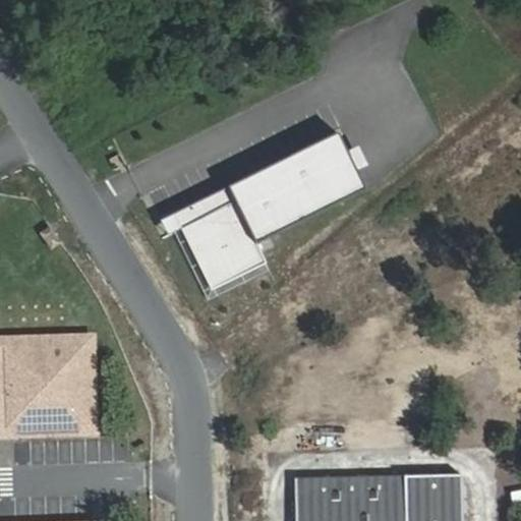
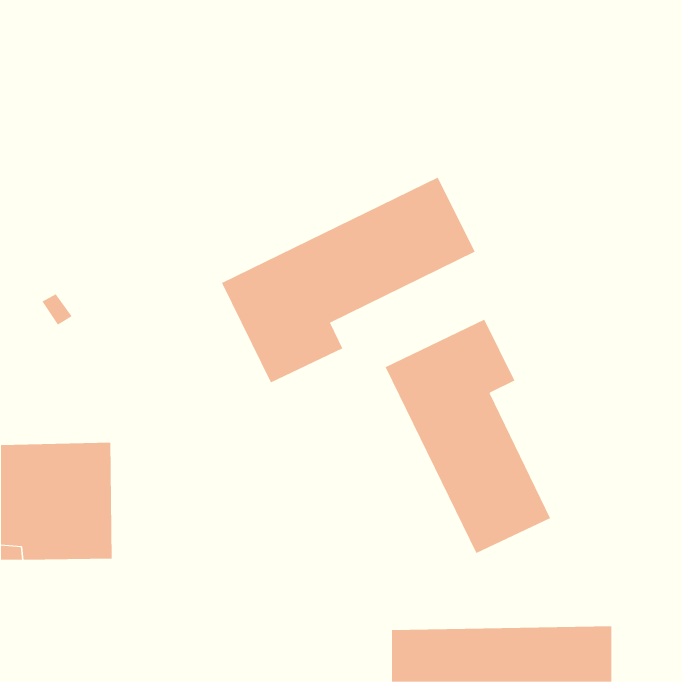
building: none -> [385,319,551,554]

